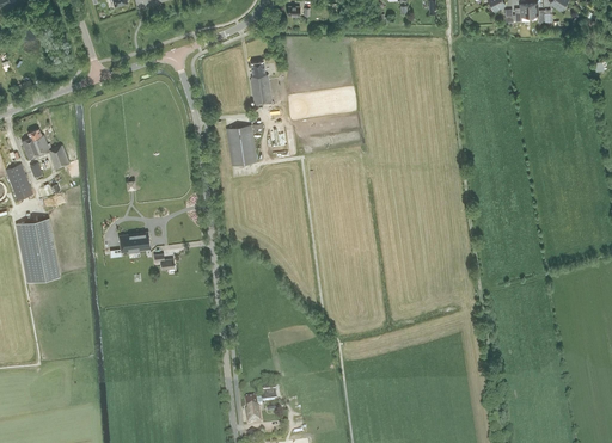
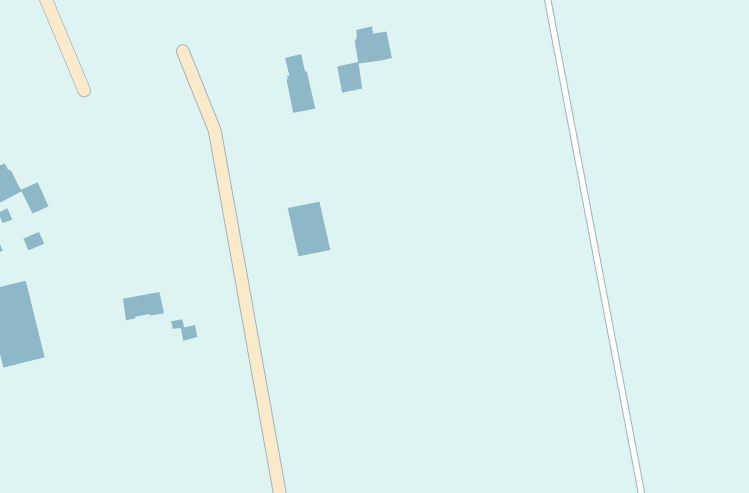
building: none -> [336,25,392,93]
building: [226,125,257,166] -> [287,201,331,257]

